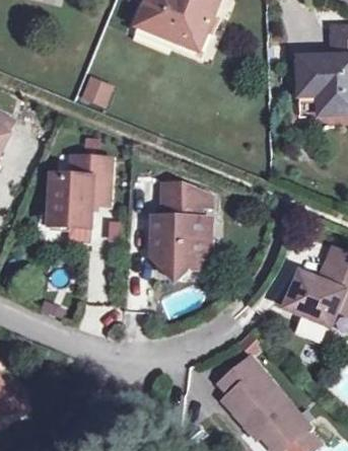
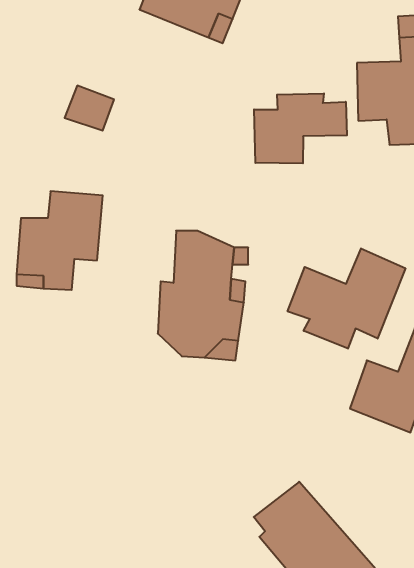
building: none -> [254,93,347,163]
building: none -> [288,248,405,349]

